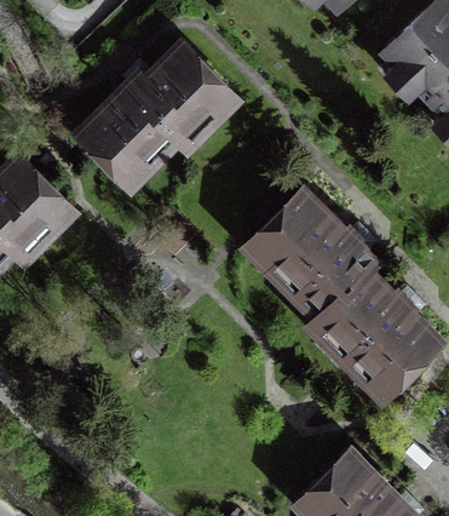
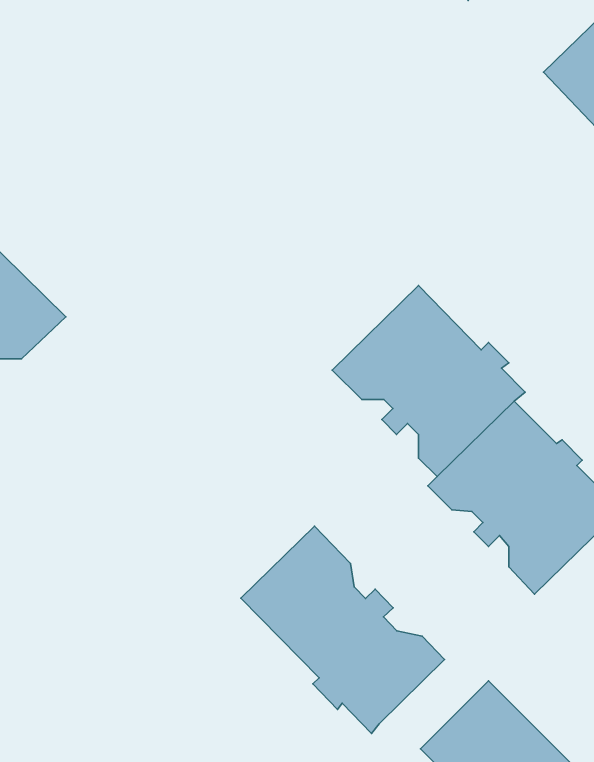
building: [80,46,235,178] -> none
building: none -> [241,526,445,733]

